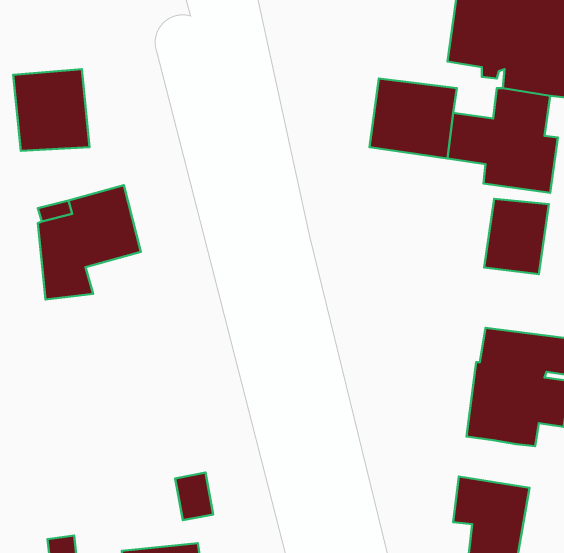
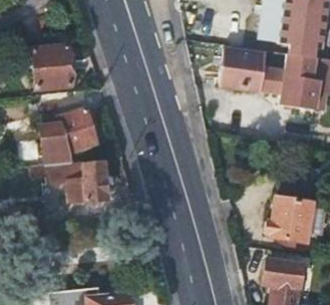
building: [484,199,549,274] -> none
building: none -> [34,160,108,216]

